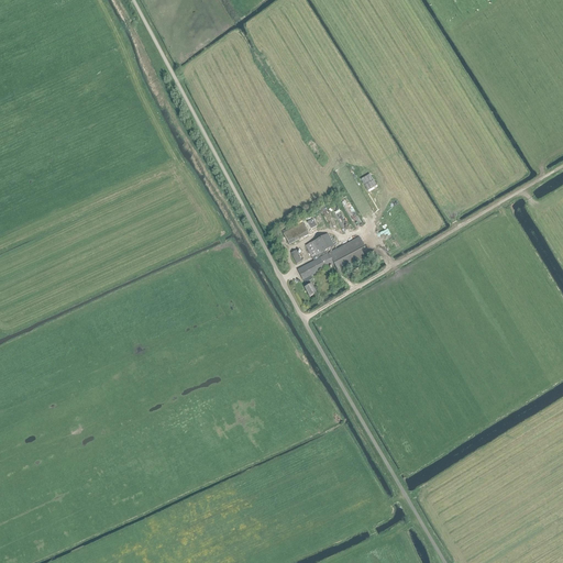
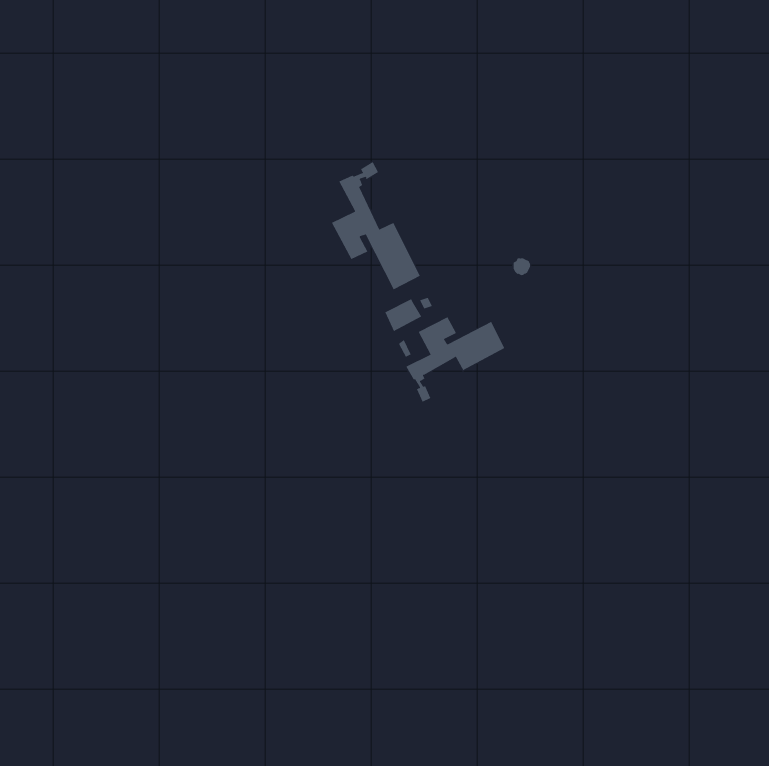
building: none -> [331,161,421,290]

